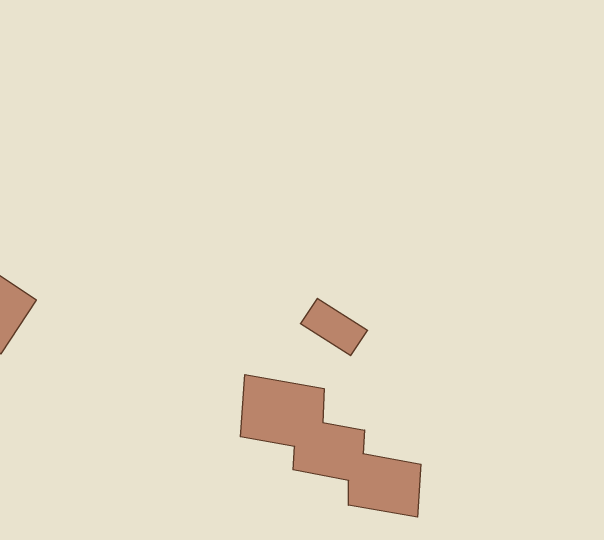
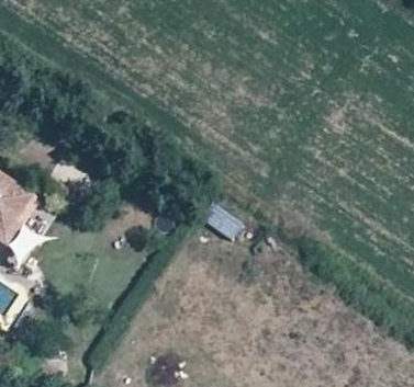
building: [240,375,421,517] -> none

